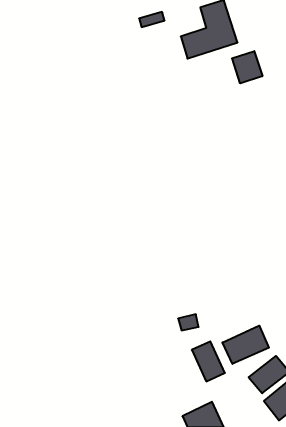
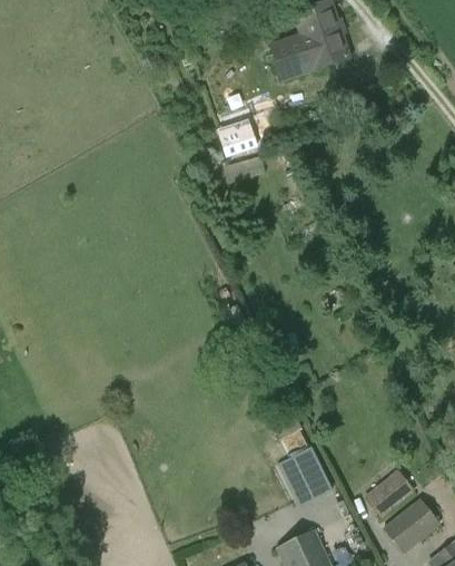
building: [232,51,262,83] -> none
building: [222,326,269,364] -> none

